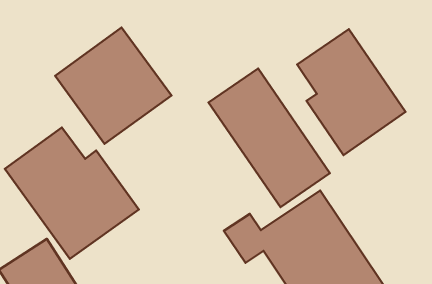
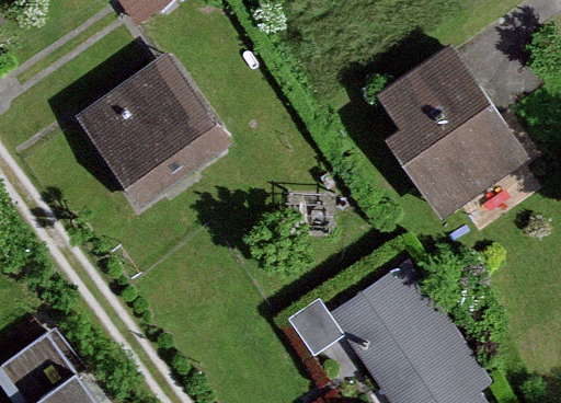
building: [209,68,330,207] -> none
building: [5,127,139,259] -> none

